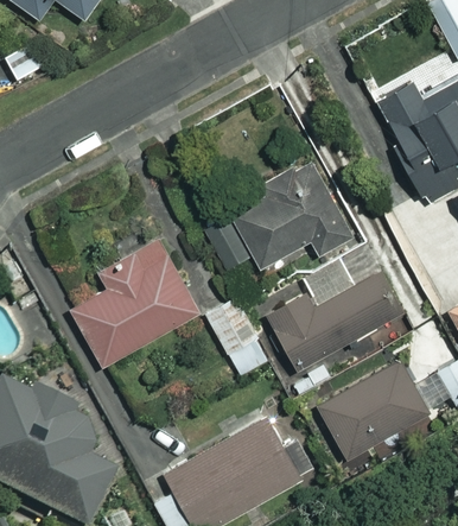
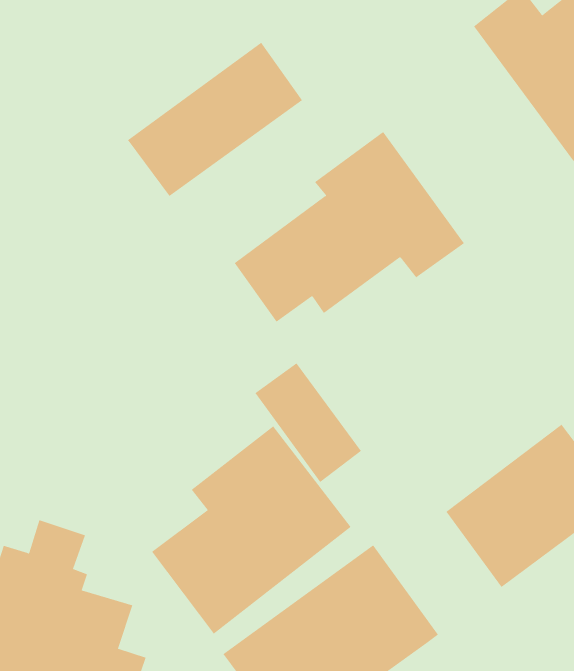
building: none -> [127,42,303,197]
building: [70,240,199,367] -> [151,426,351,635]
building: [266,255,400,369] -> none

